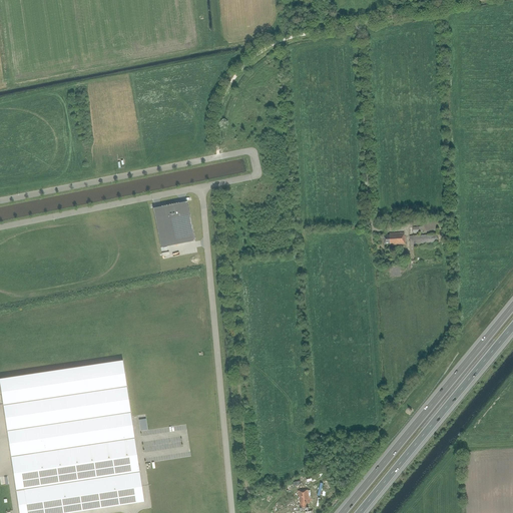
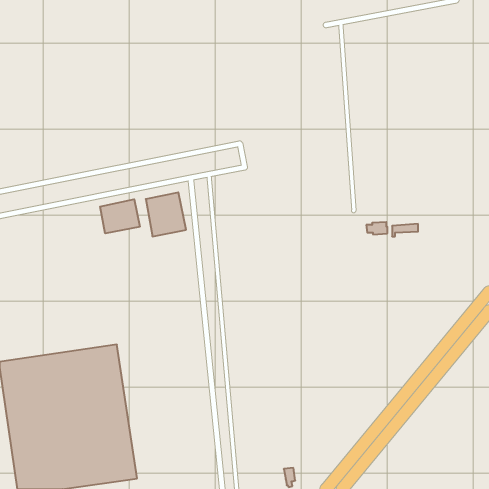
building: none -> [100,199,140,233]

